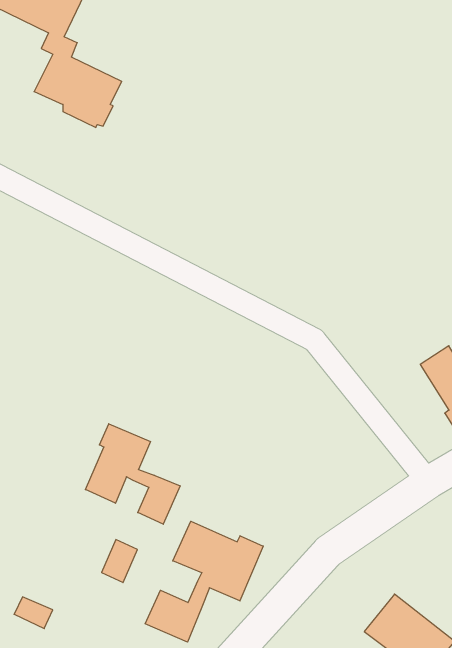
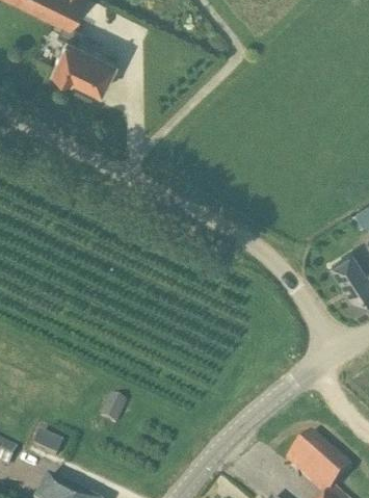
building: [85,424,180,524] -> none
building: [145,521,263,642] -> none

